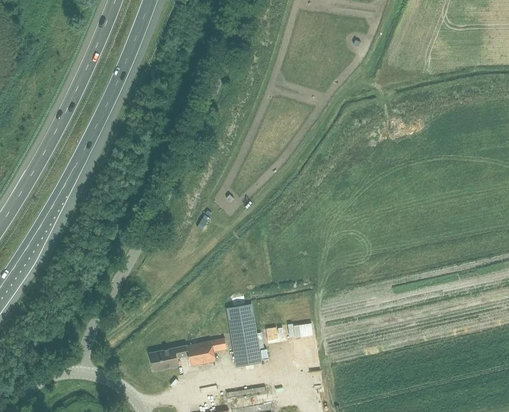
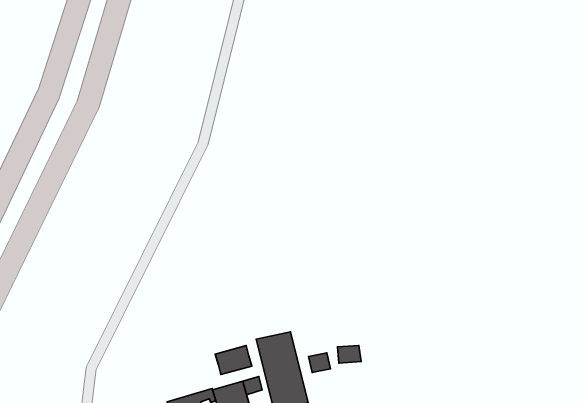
building: none -> [215,346,252,375]

